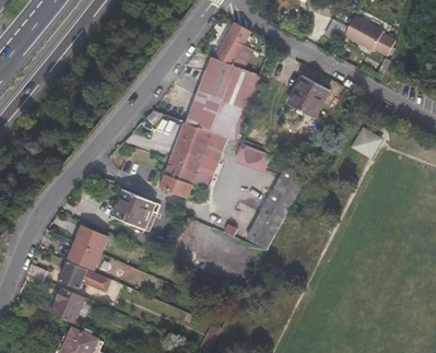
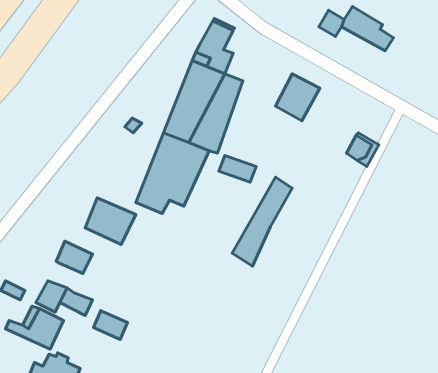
building: [78,245,108,271] -> [94,311,127,340]

